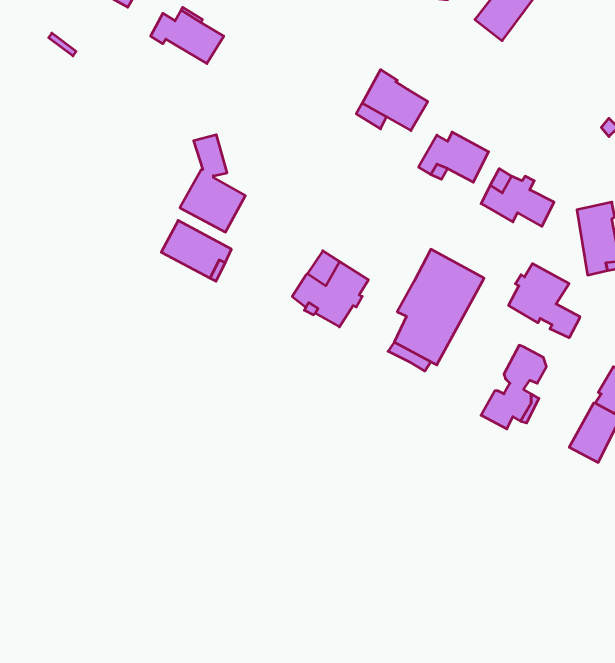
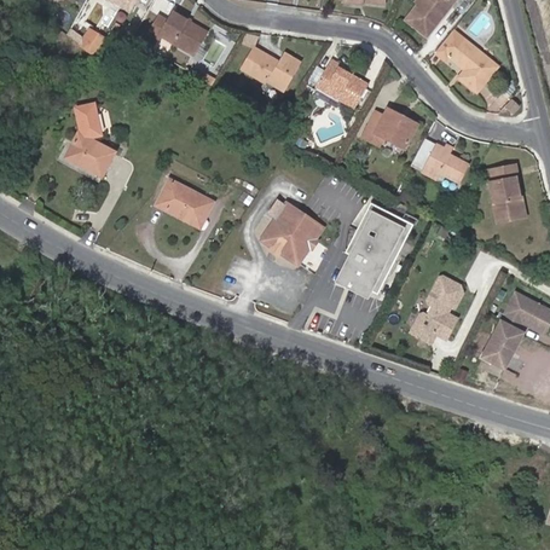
building: none -> [447,35,498,92]
building: none -> [242,46,300,89]
building: [180,135,245,232] -> [63,103,115,180]
building: [509,264,580,338] -> none

